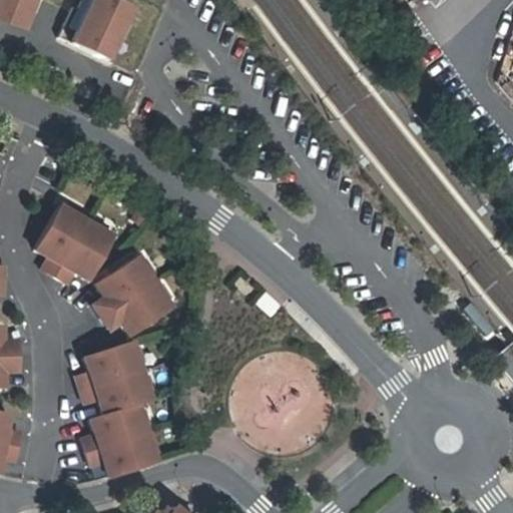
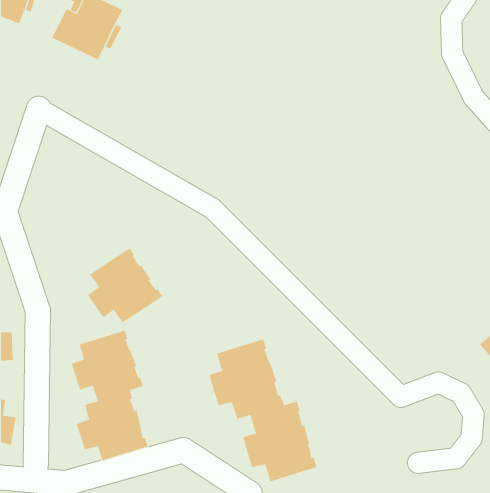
building: [38,204,115,283] -> none
building: none -> [209,338,317,482]

